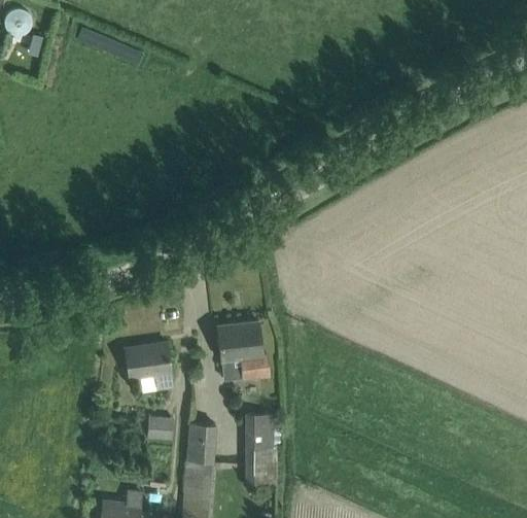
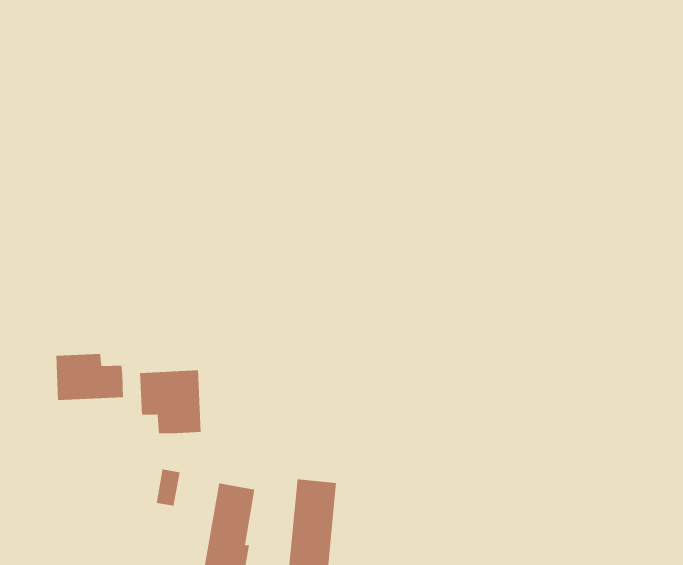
building: [218,320,269,381] -> none
building: none -> [56,353,124,401]

